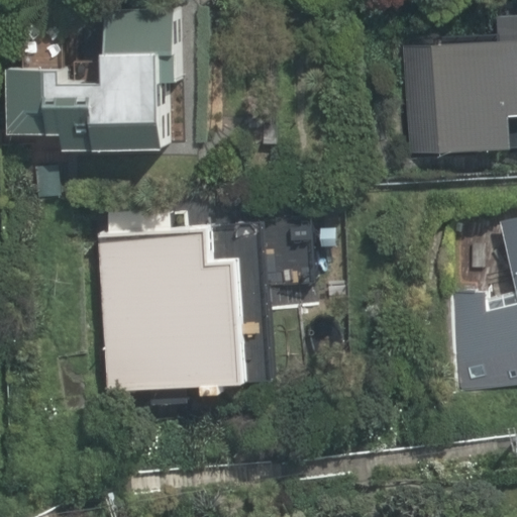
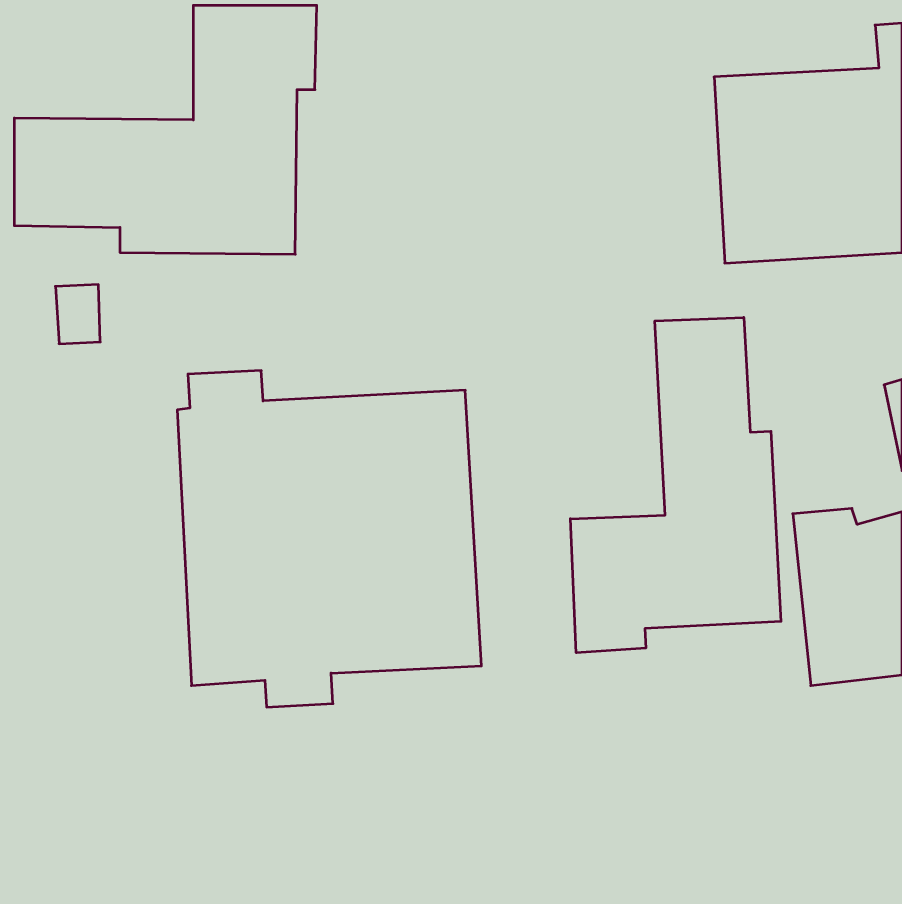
building: none -> [570,317,781,653]

